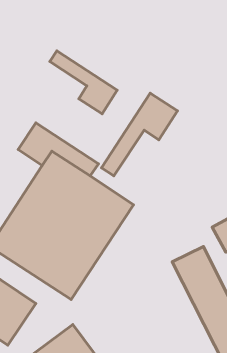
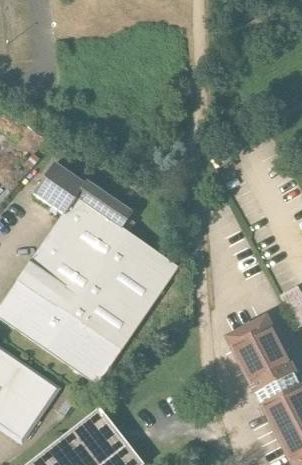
building: [50,51,117,114] -> none
building: [101,93,178,176] -> none

